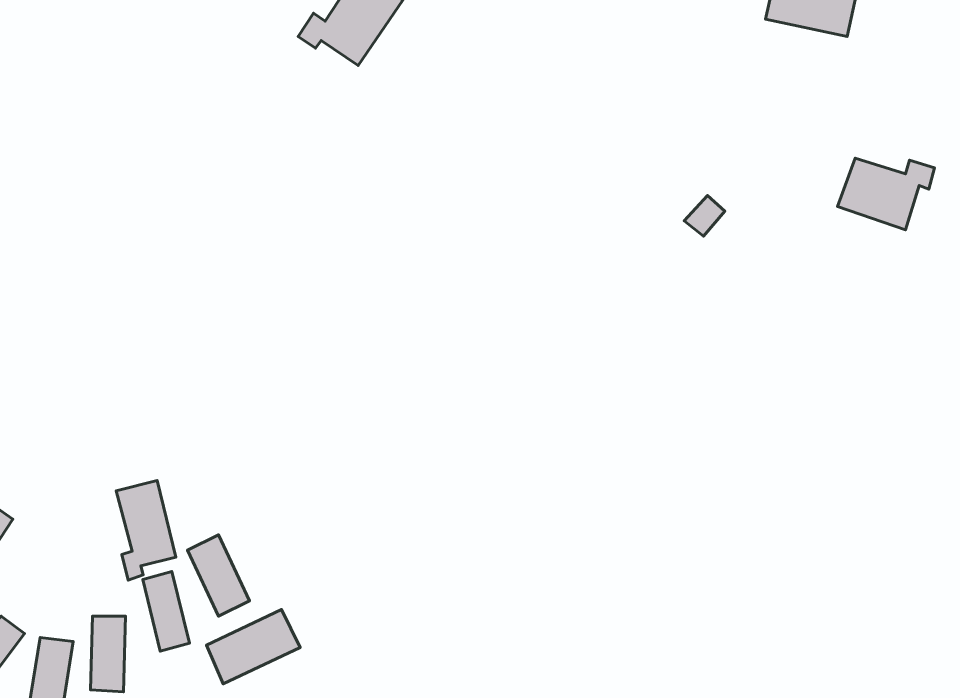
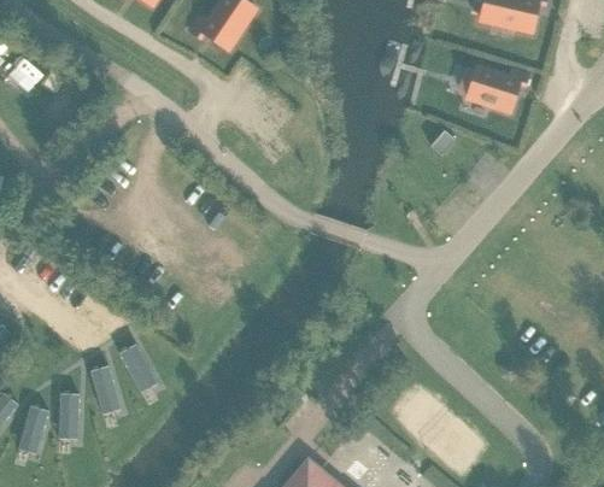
building: [838,158,935,230] -> [465,69,526,113]
building: [116,481,176,580] -> none
building: [206,609,300,684] -> none

